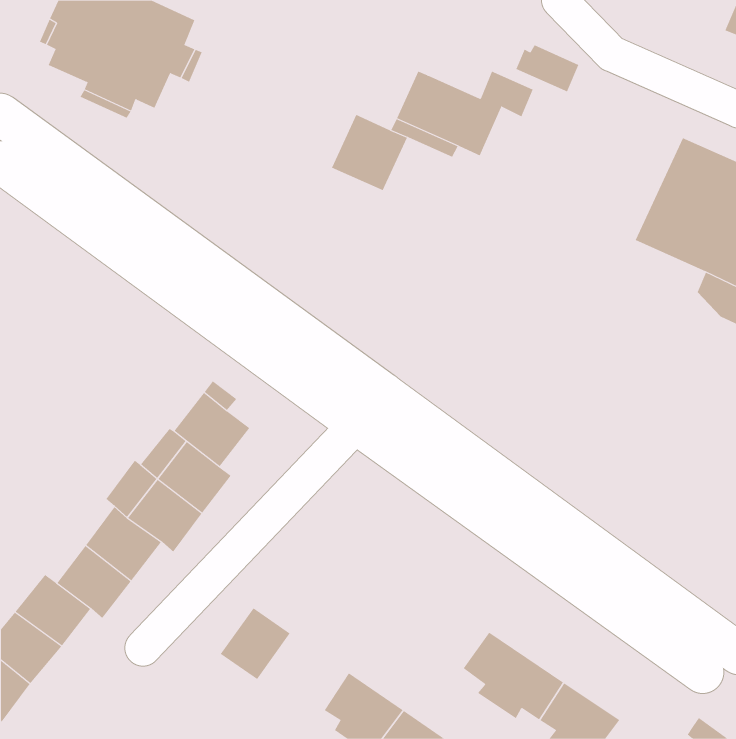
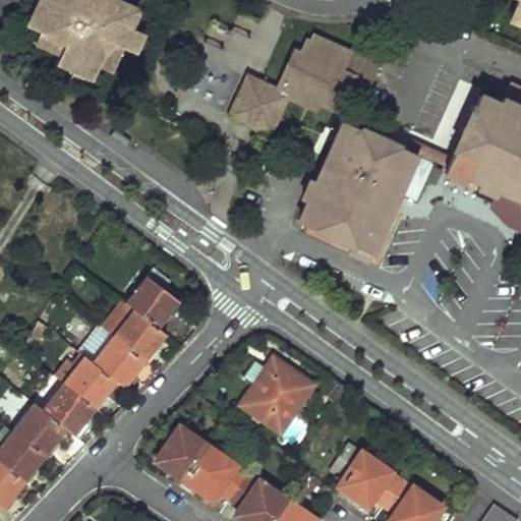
building: [516,45,579,92] -> [303,36,348,69]
building: none -> [302,125,419,257]
building: none -> [240,367,309,430]
building: none -> [183,446,247,500]

